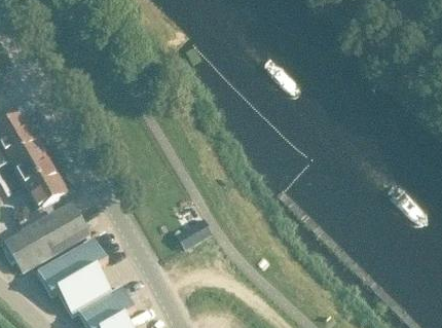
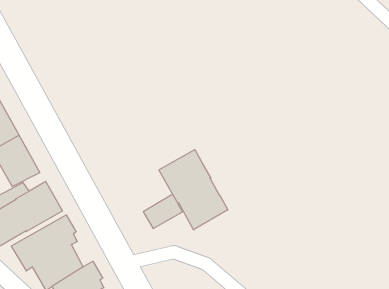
building: none -> [159,150,228,230]

